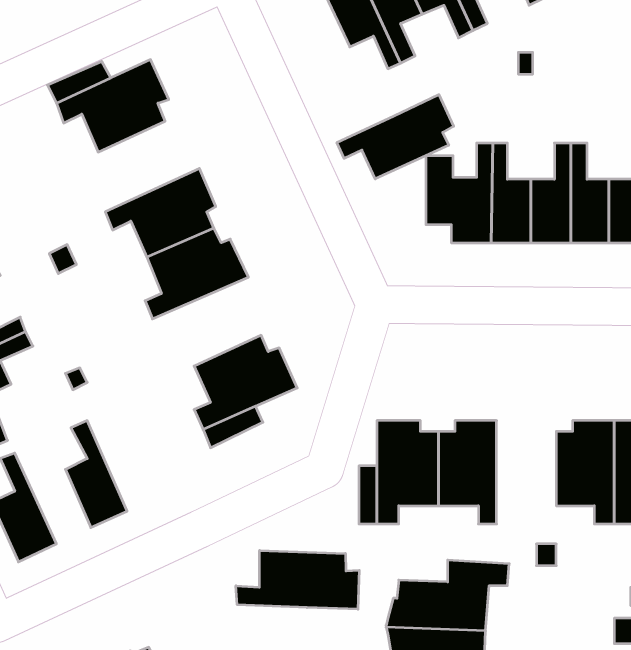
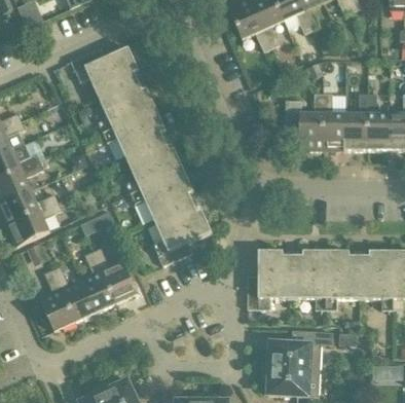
building: [337,95,454,179] -> none
building: none -> [99,80,156,132]
building: none -> [130,169,193,219]
building: none -> [93,246,137,301]
building: none -> [325,250,359,308]
building: none -> [51,264,95,320]
building: [236,550,359,609] -> none

